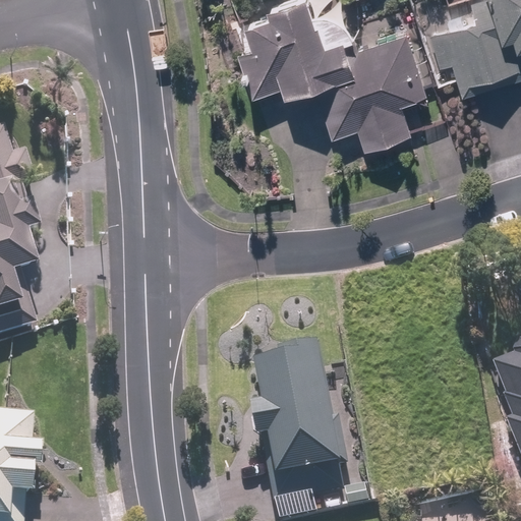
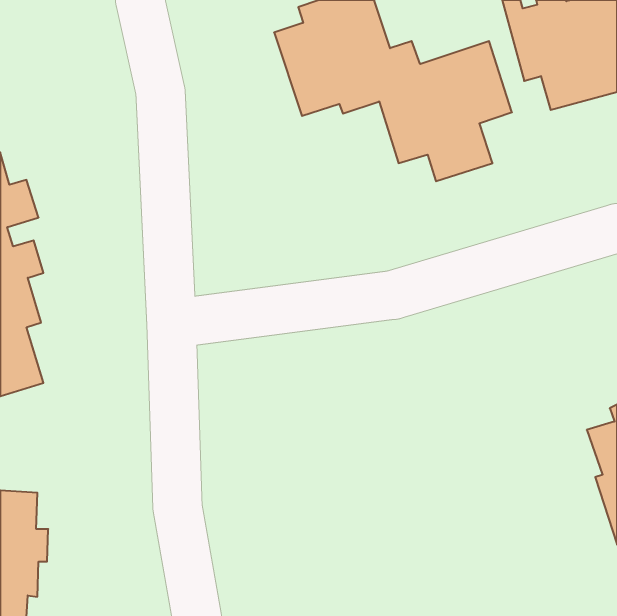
building: [254,346,348,505] -> none

